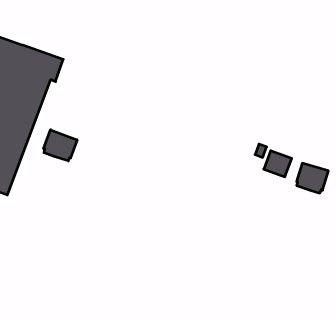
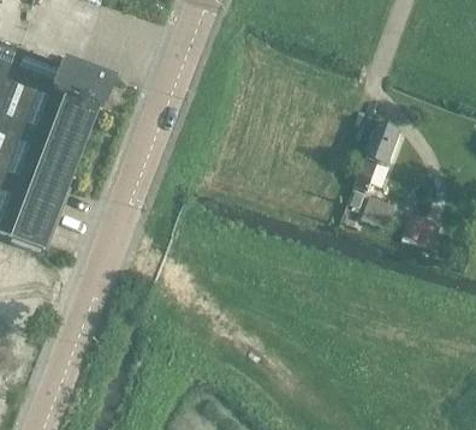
building: none -> [356,121,401,189]
building: [44,130,77,161] -> none

